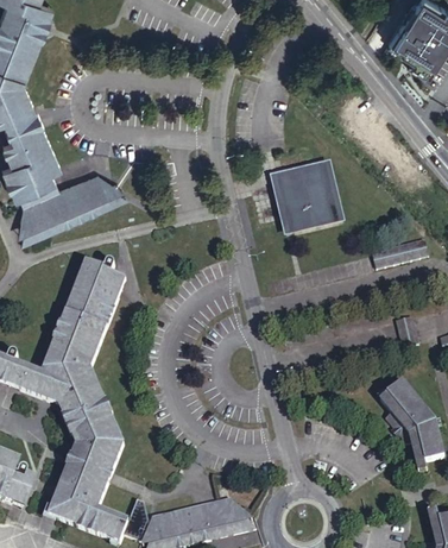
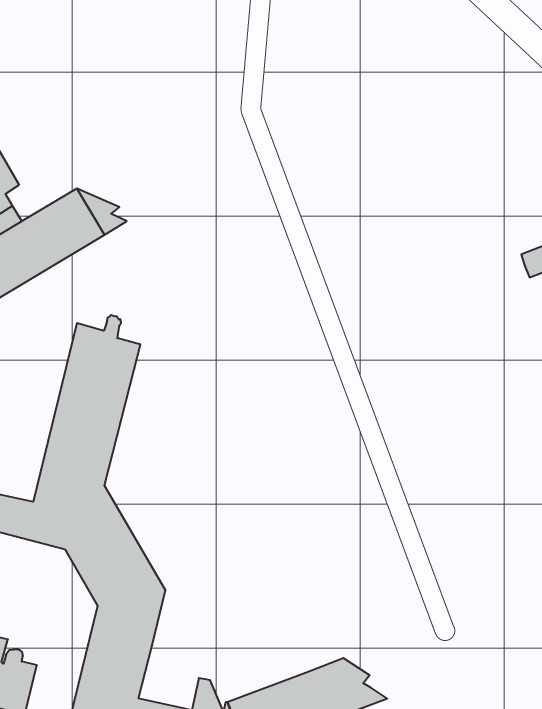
building: [271,159,346,234] -> none

